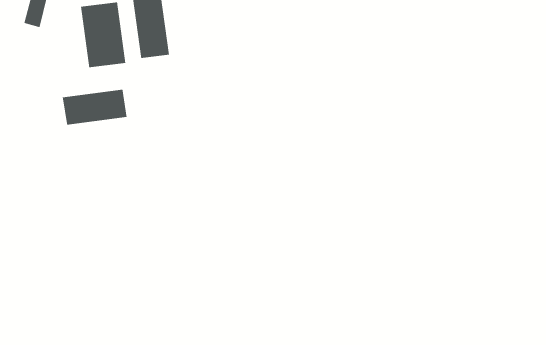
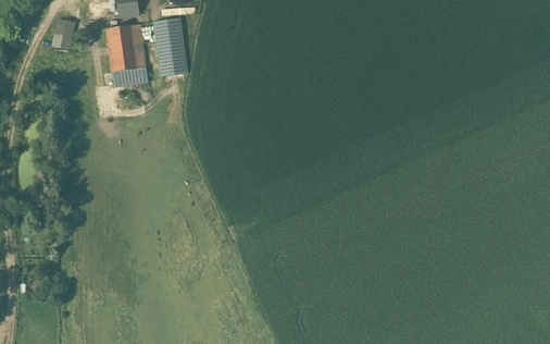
building: [62,89,127,126] -> none

